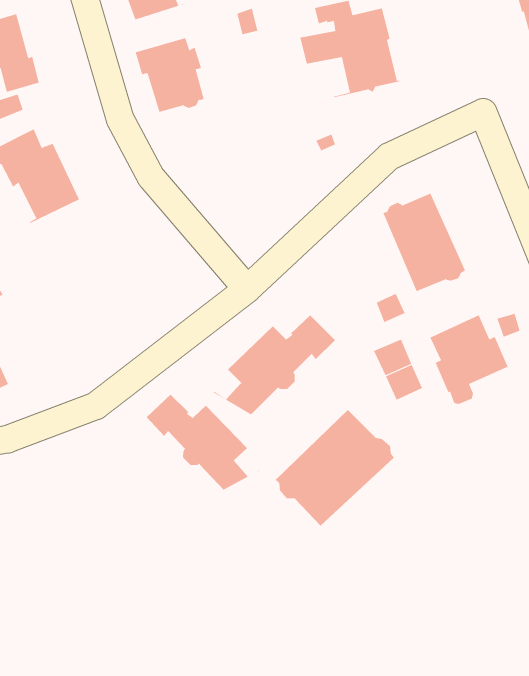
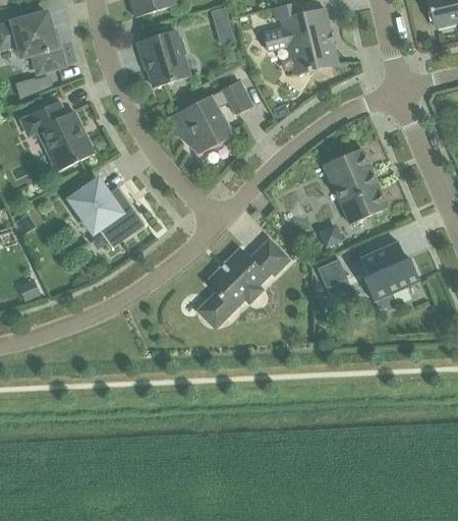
building: none -> [167,80,251,156]
building: none -> [69,180,146,249]
building: [146,394,261,491] -> none
building: [275,409,395,526] -> none

